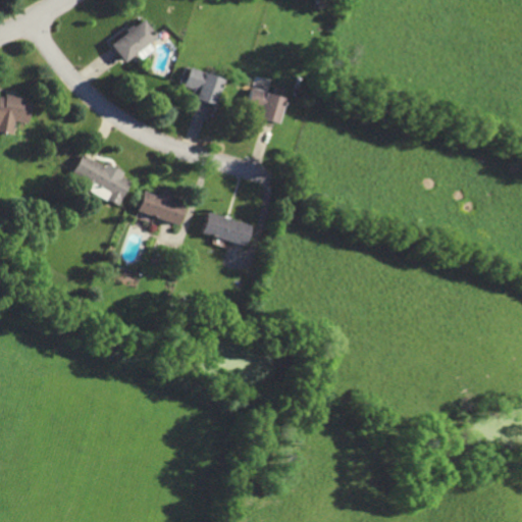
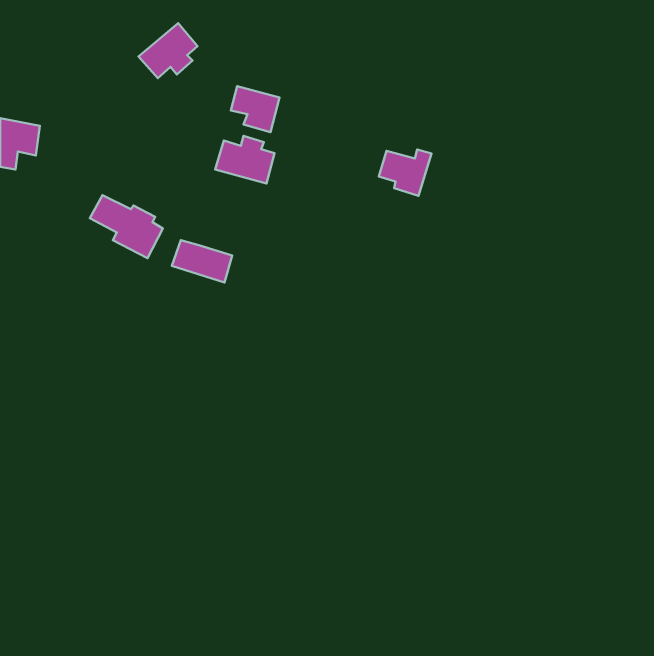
building: [247,87,289,123] -> [379,150,431,196]
building: none -> [215,136,275,184]
building: [203,214,251,244] -> none

